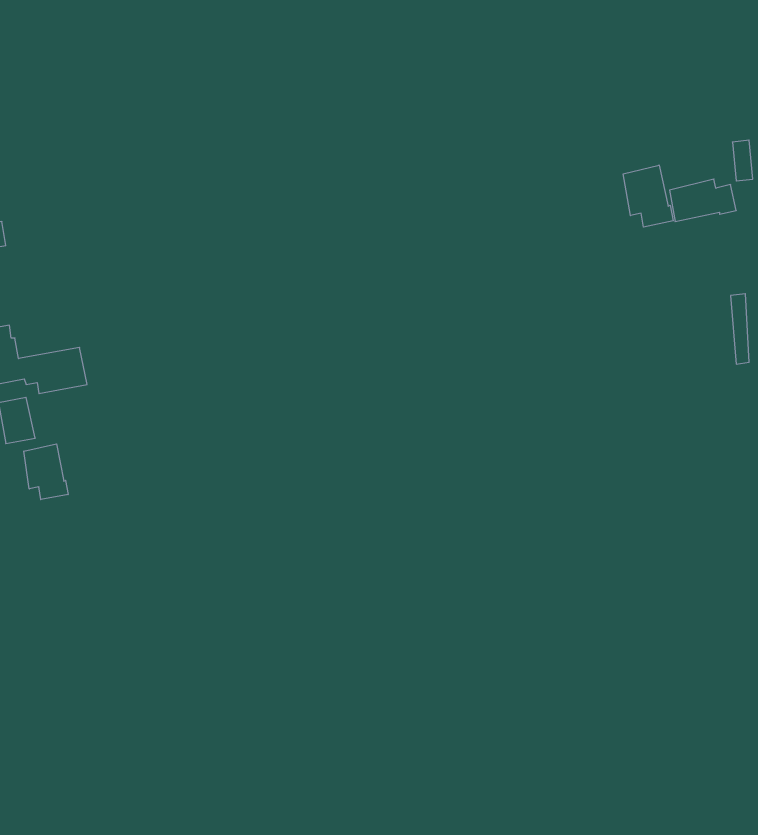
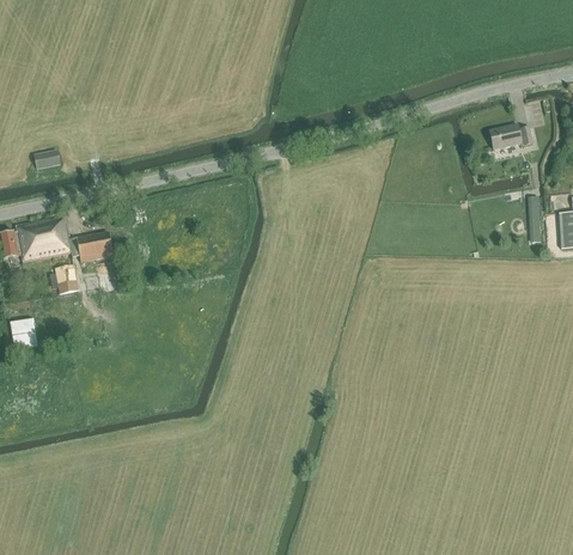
building: [623,165,673,227] -> none
building: [24,444,68,500] -> none

